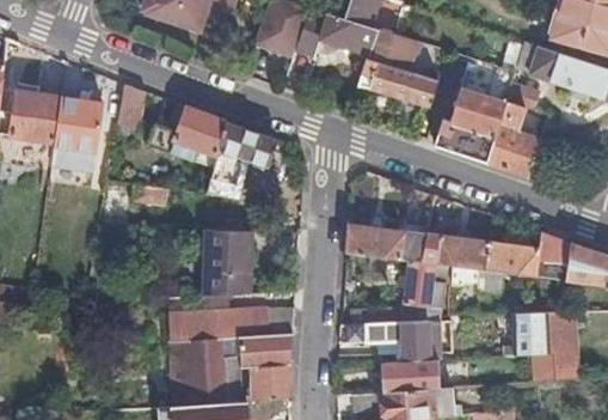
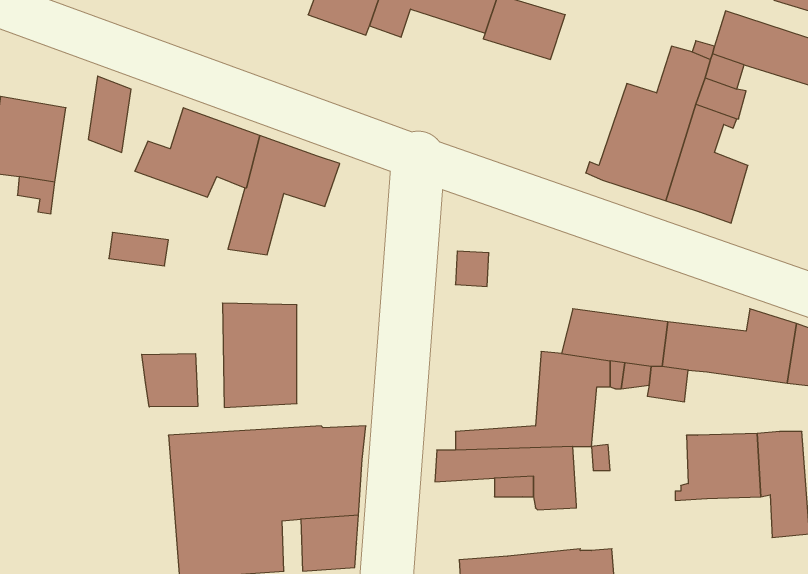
building: [358,59,437,105] -> none
building: [345,224,428,261] -> none
building: none -> [142,354,198,407]
building: [382,358,438,391] -> none

